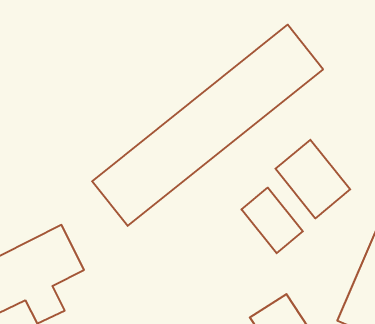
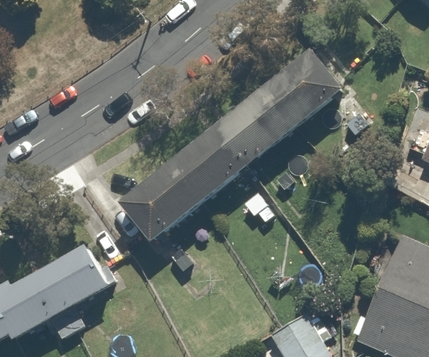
building: [275,140,350,218] -> none
building: [241,188,303,253] -> none

